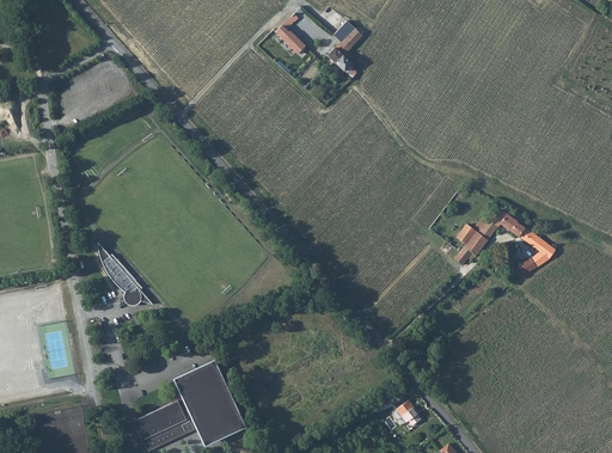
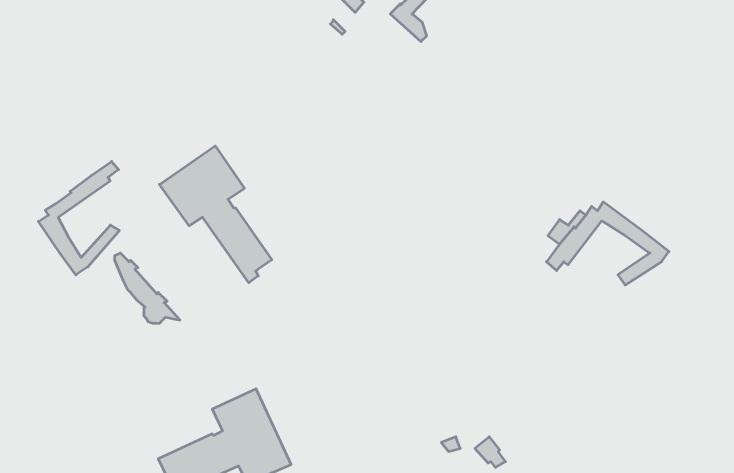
building: none -> [159,146,272,283]
building: none -> [38,161,119,275]

